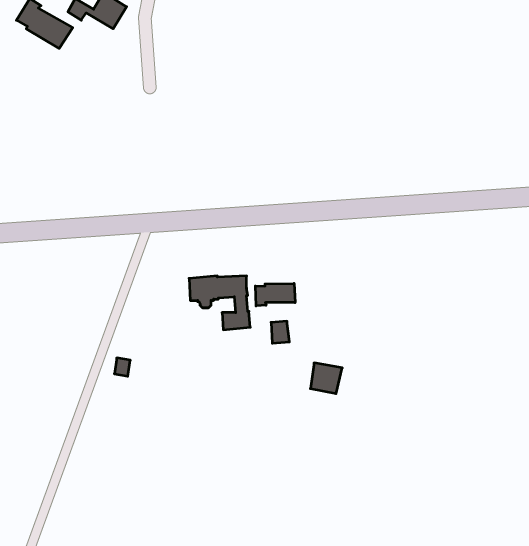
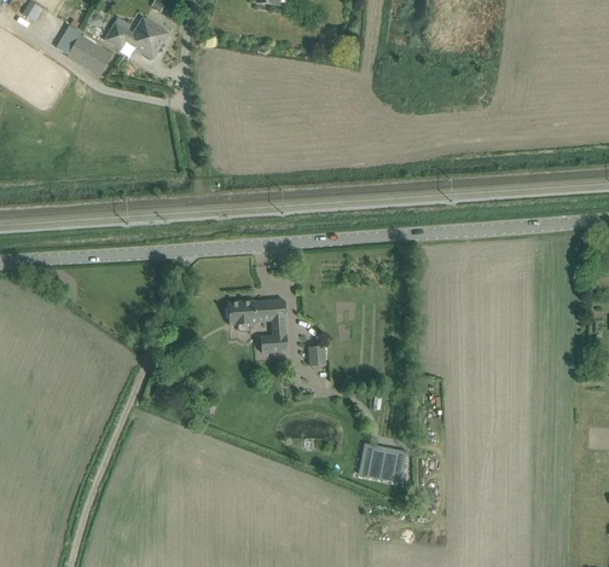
building: [255,283,295,306] -> none
building: [310,363,342,394] -> [367,447,399,478]

